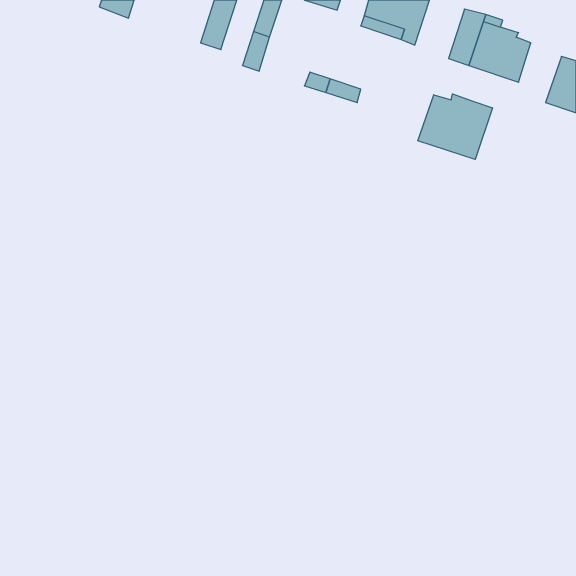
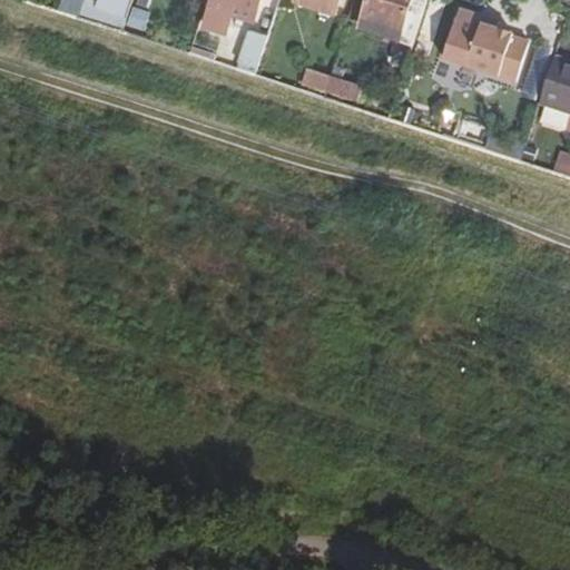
building: [418,94,492,159] -> none

